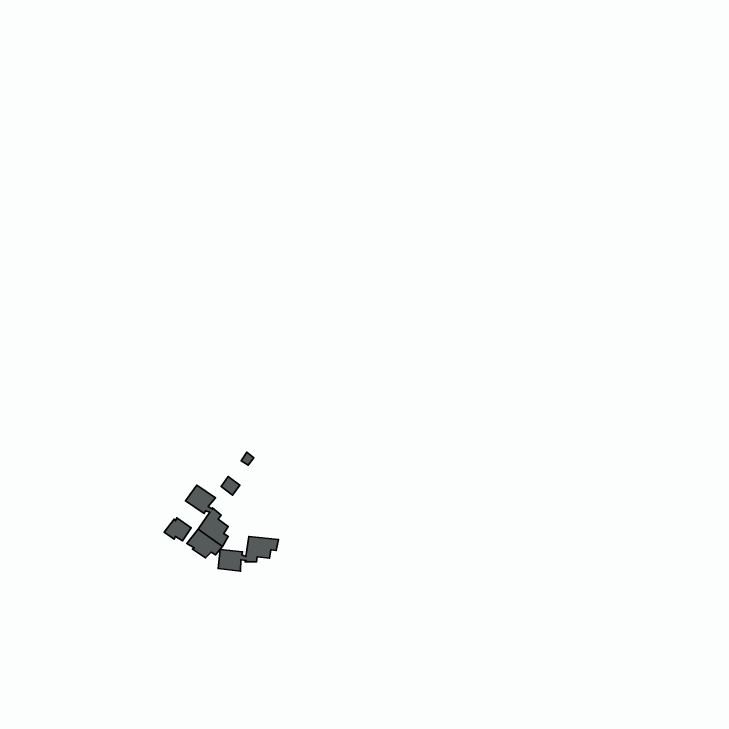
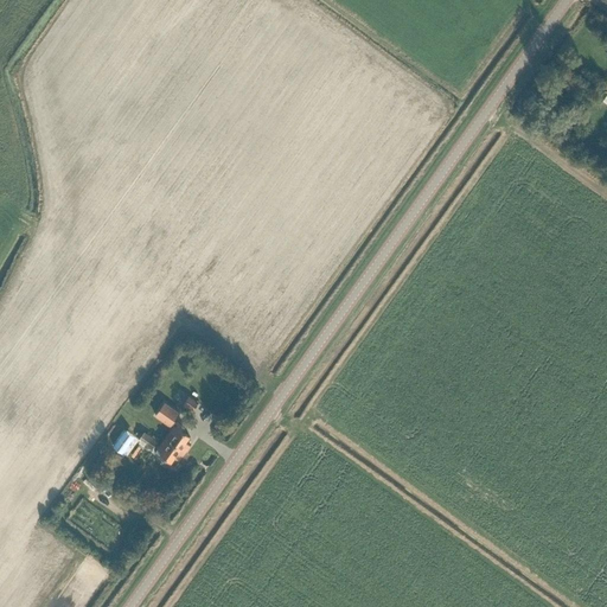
building: [218,536,279,571] -> none

